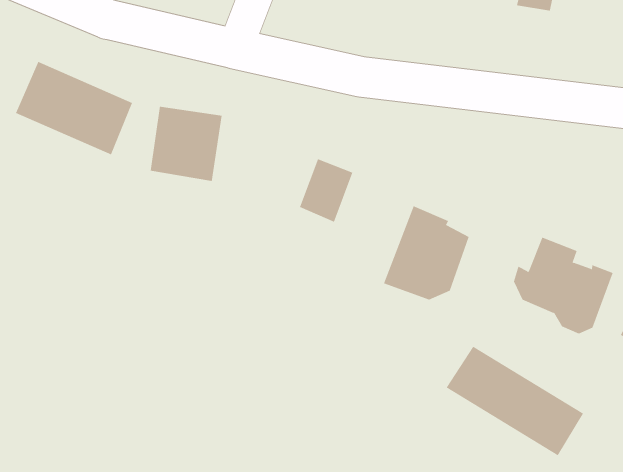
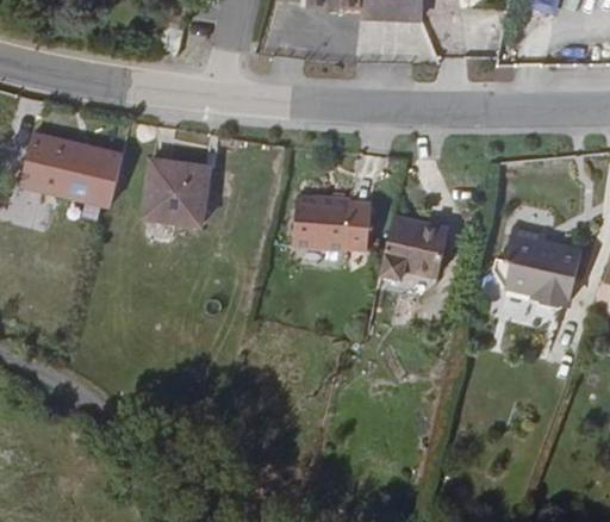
building: none -> [323,181,373,249]
building: [446,346,584,456] -> none

